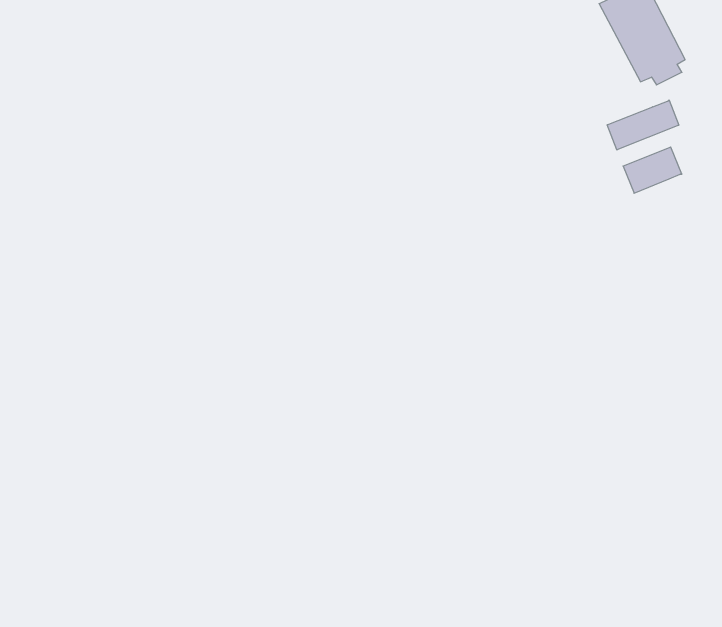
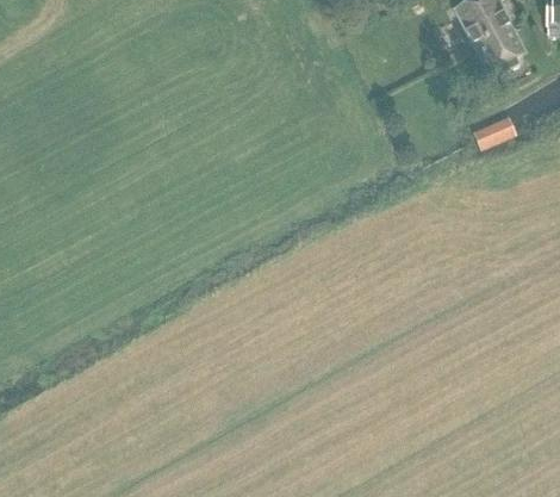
building: [607,100,679,150] -> none

